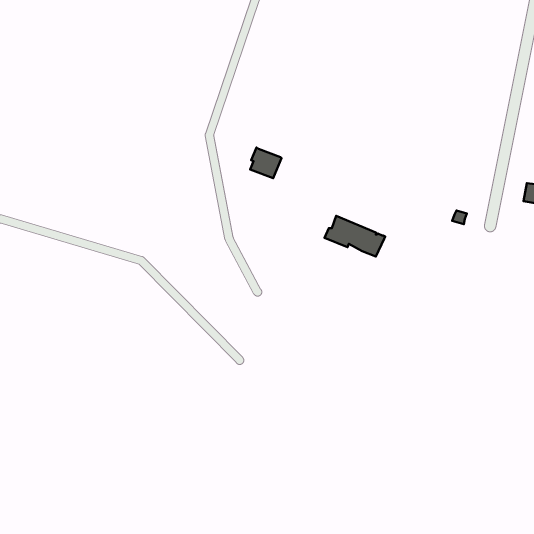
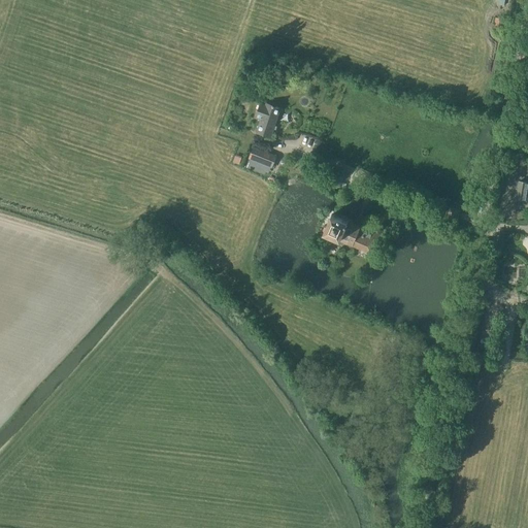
building: none -> [256,103,282,137]

